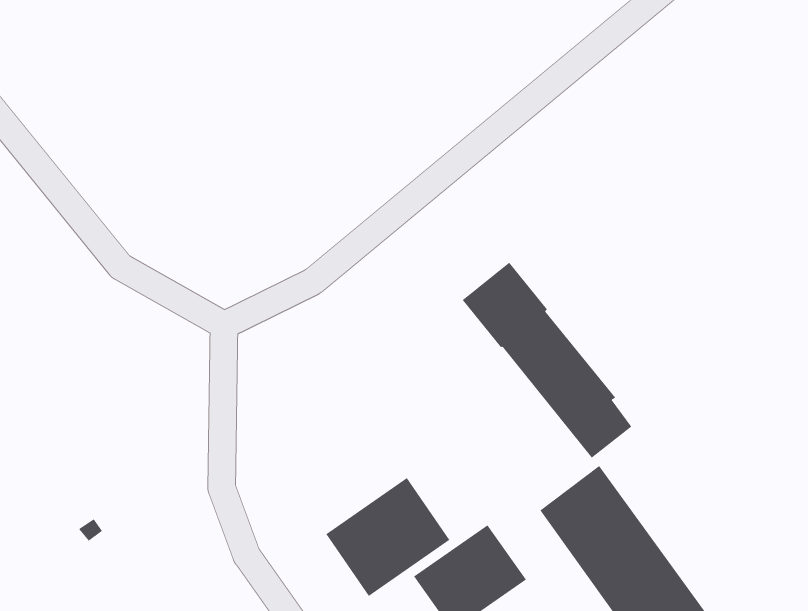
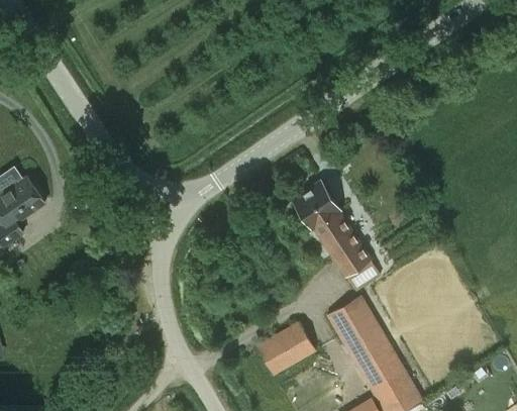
building: [326,477,450,597] -> none

